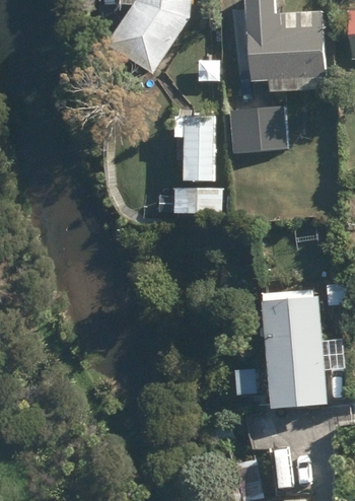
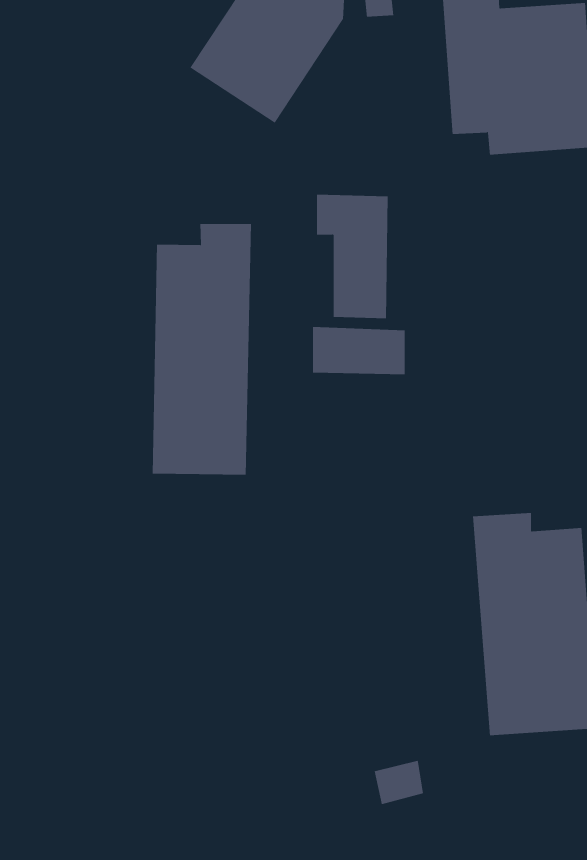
building: [228,105,288,152] -> none
building: none -> [152,223,252,476]

